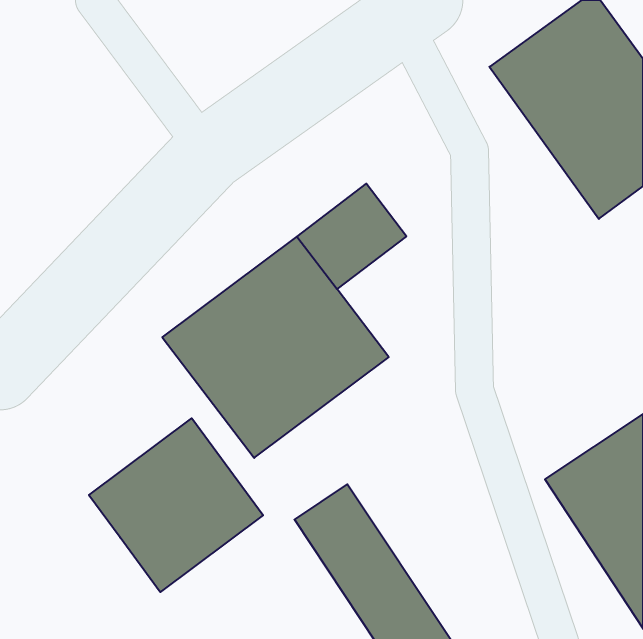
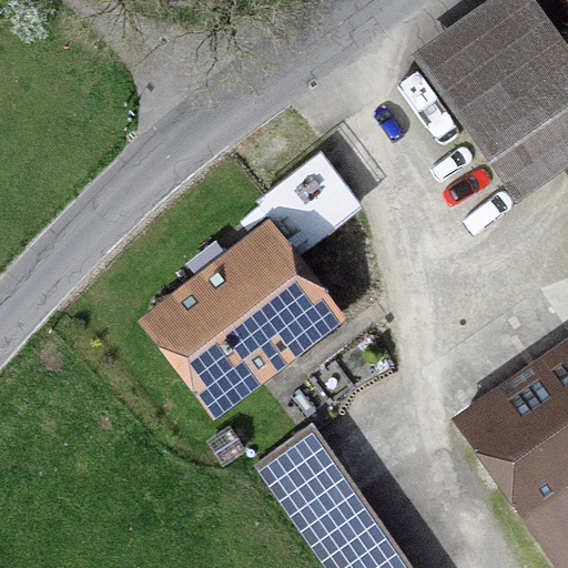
building: [89,418,263,592] -> none

